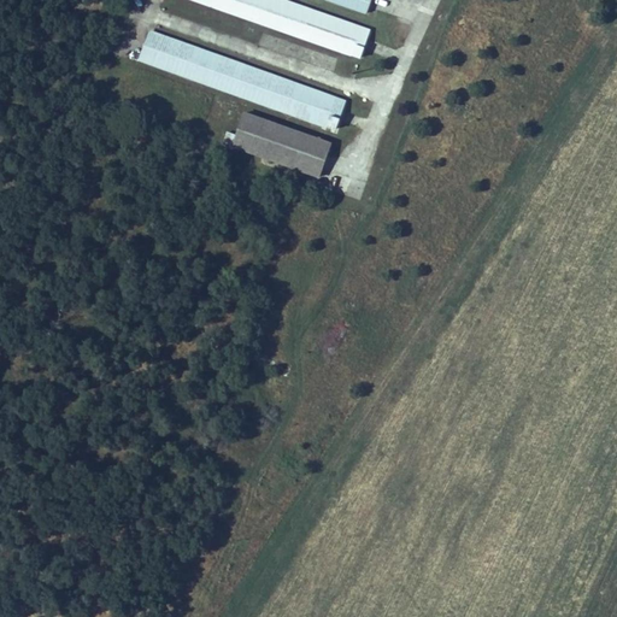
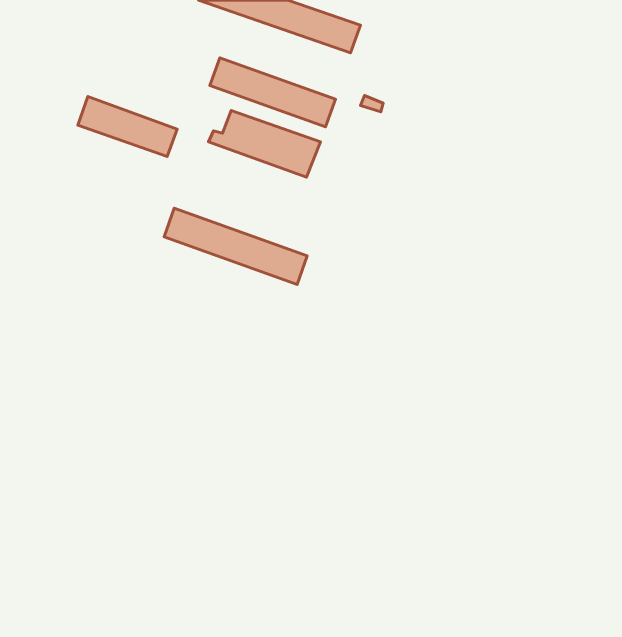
building: [135,29,230,87] -> [78,96,177,157]
building: none -> [164,208,307,284]

